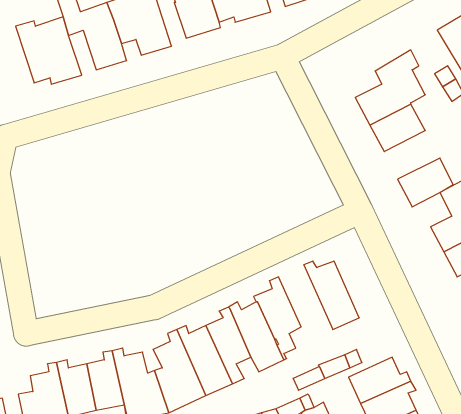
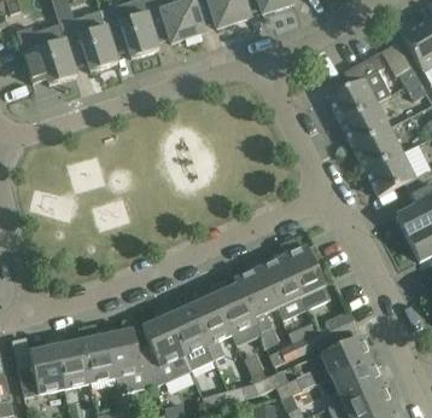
building: none -> [354,126,404,170]
building: none -> [257,249,307,319]

